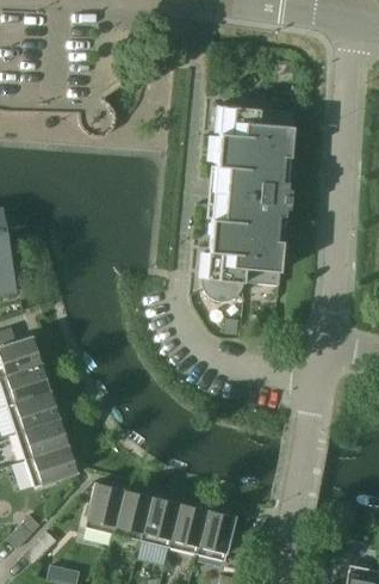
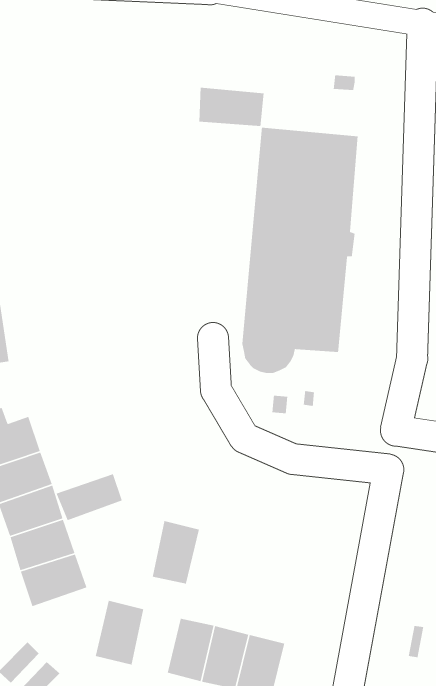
building: none -> [198,87,265,127]
building: none -> [56,473,123,521]
building: [114,488,153,540] -> [152,520,200,585]

